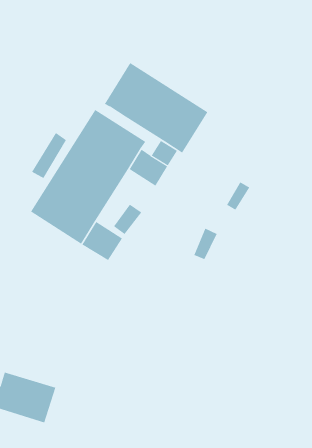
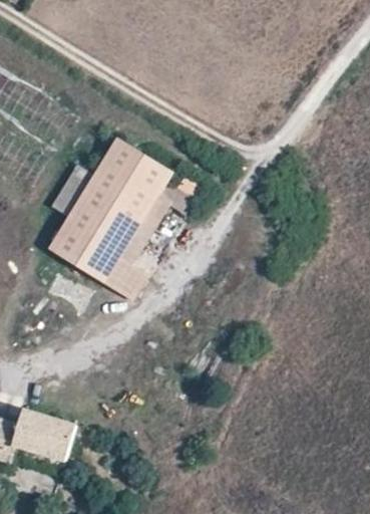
building: [104,62,208,153] -> none

